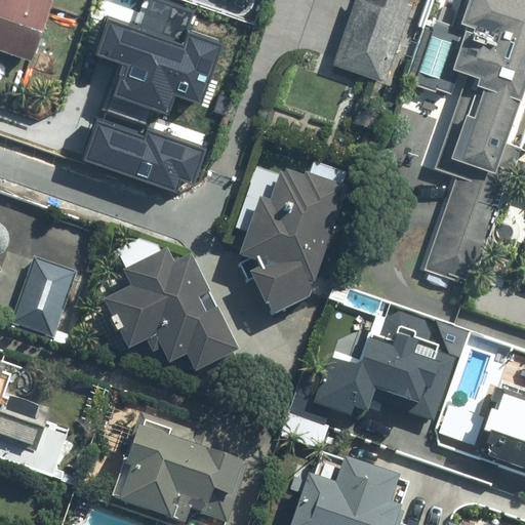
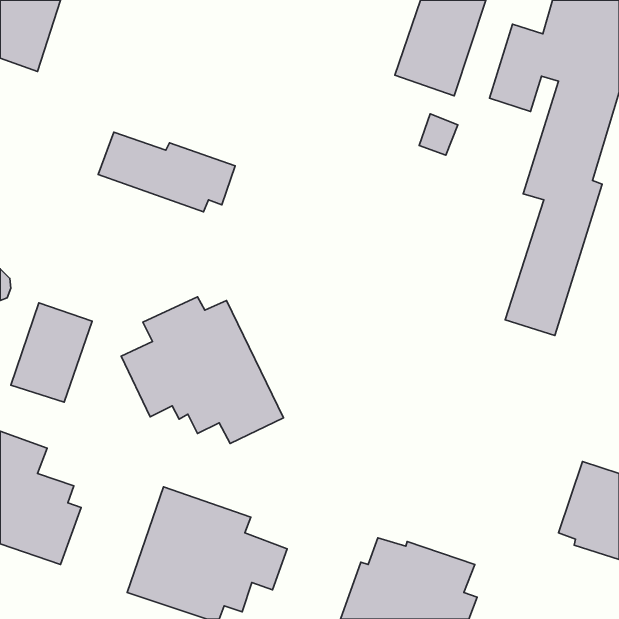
building: [94,11,215,103] -> none
building: [234,166,348,320] -> none
building: [311,313,441,421] -> none

